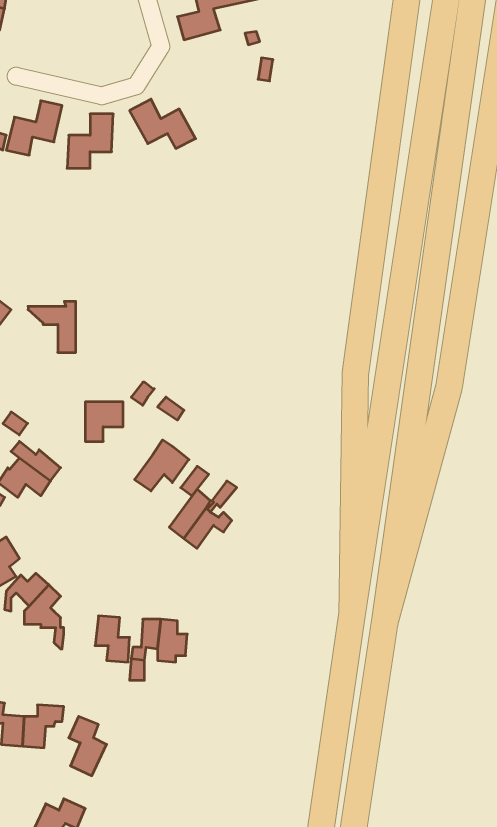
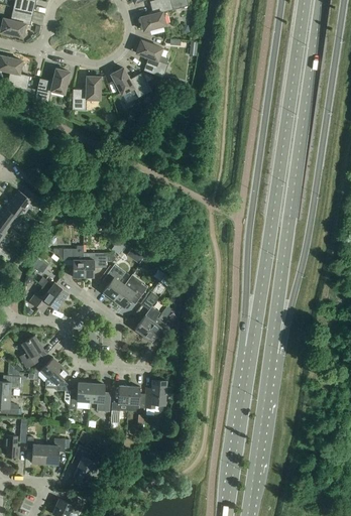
building: none -> [135,40,167,78]
building: [28,301,76,352] -> [53,246,83,277]
building: none -> [103,264,125,300]
building: none -> [144,380,170,408]
building: none -> [69,383,91,409]

